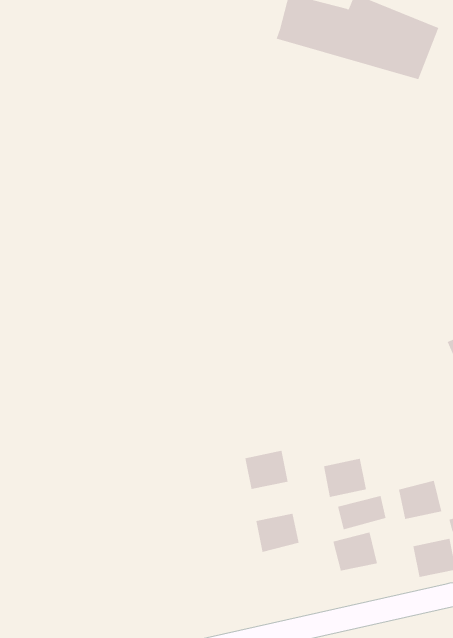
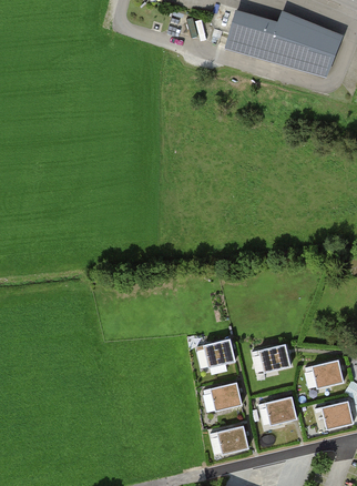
building: [337,495,386,530] -> none
building: none -> [215,425,247,454]

